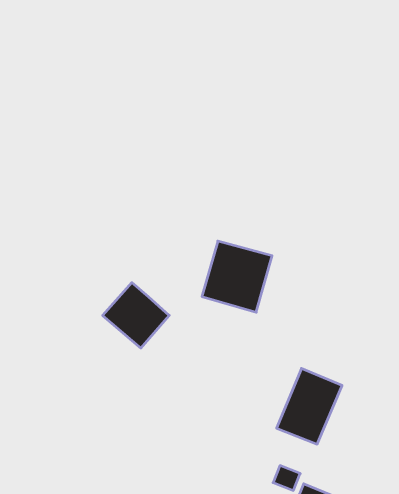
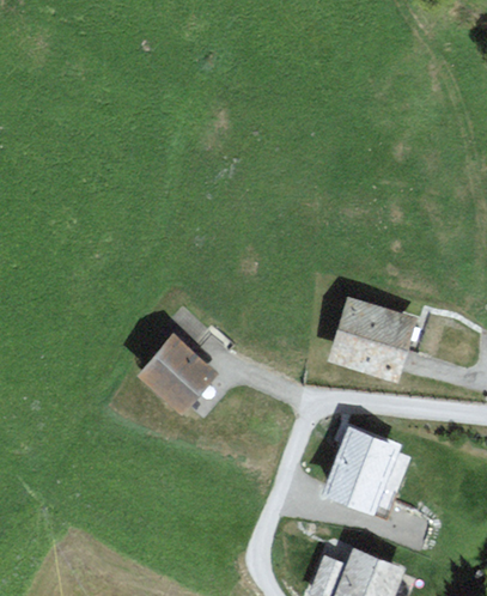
building: [202,241,272,312] -> [334,302,408,377]

